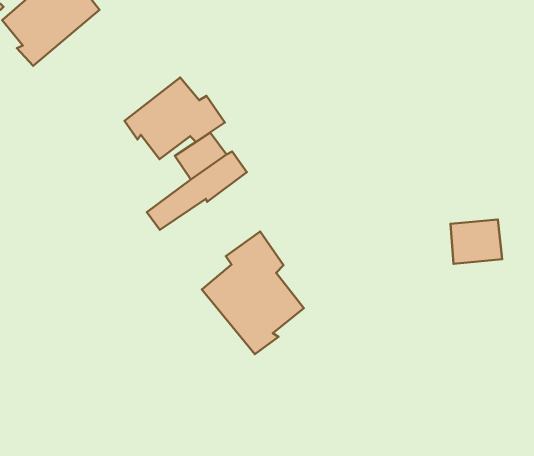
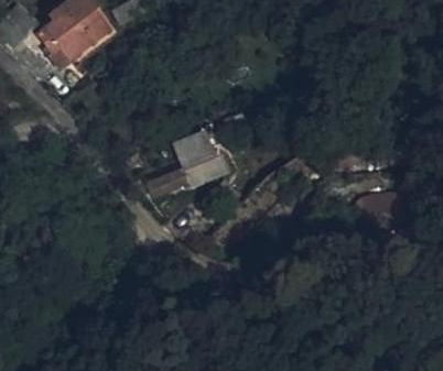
building: [125,77,225,159] -> none
building: [202,232,304,354] -> none

